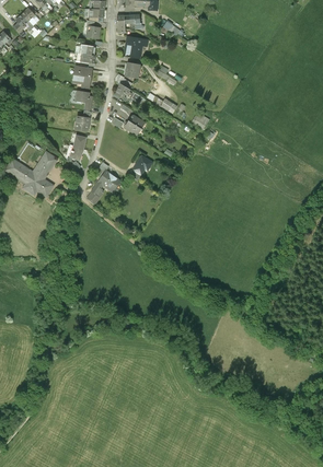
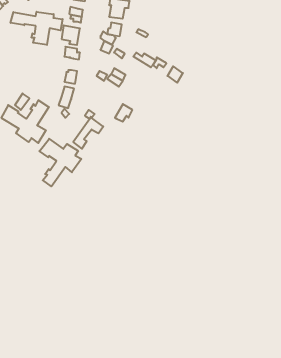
building: none -> [11,12,63,45]
building: none -> [39,139,81,186]

